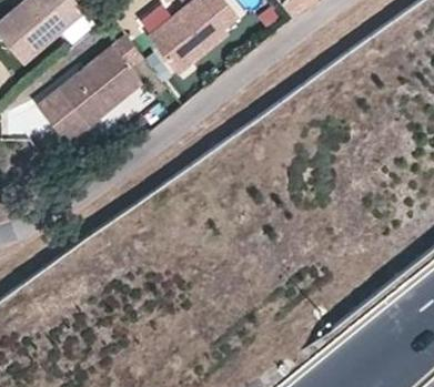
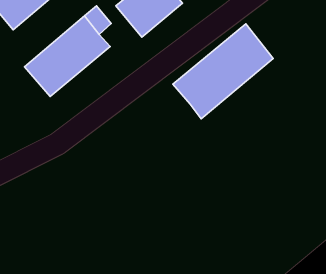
building: none -> [173,24,273,119]

